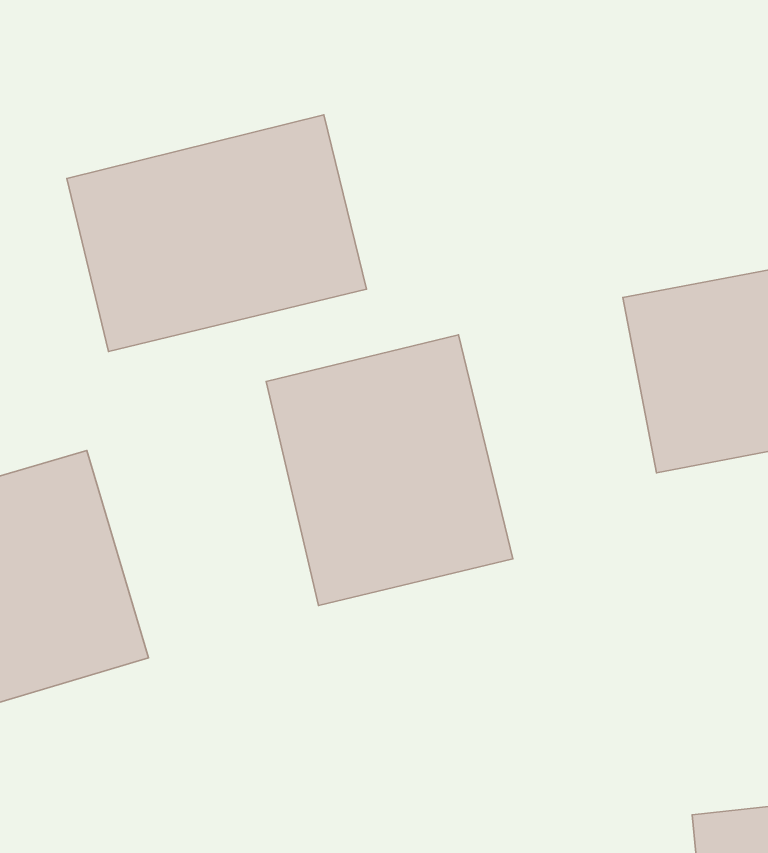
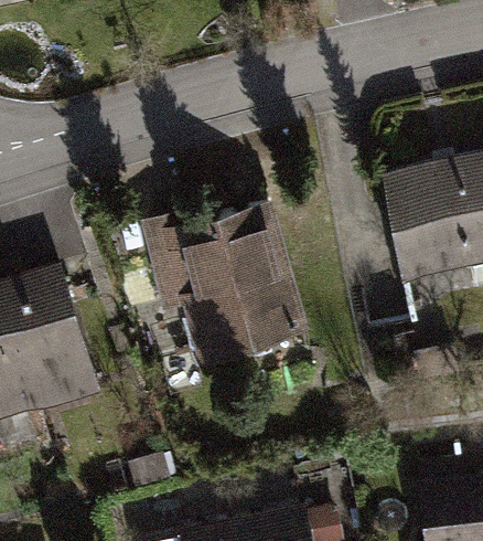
building: [67,115,366,352] -> none

